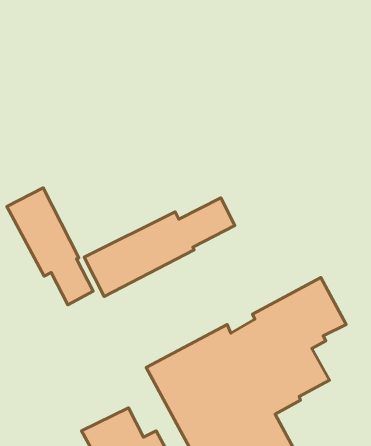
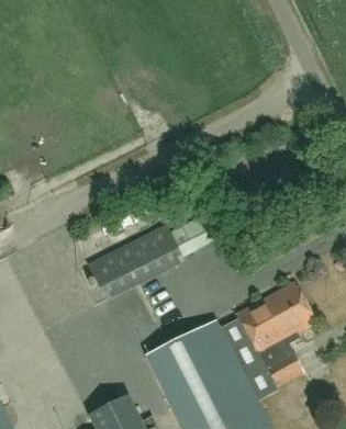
building: [7,188,93,305] -> none

